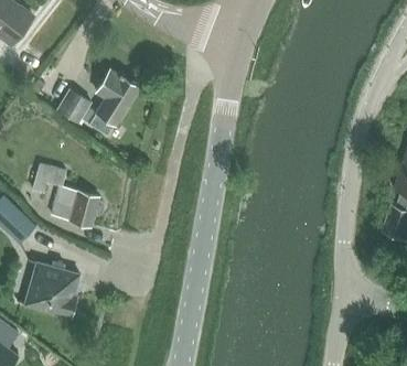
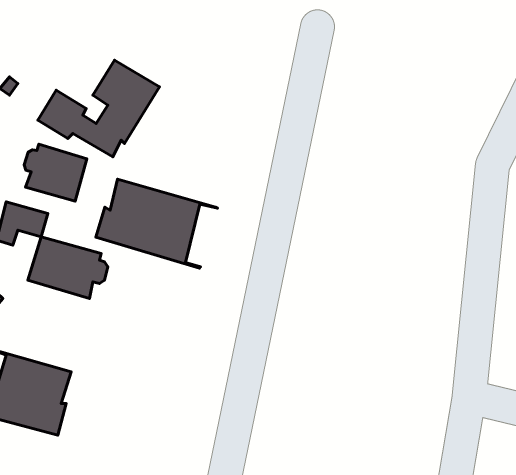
building: none -> [24,144,87,201]
building: none -> [96,179,217,268]

